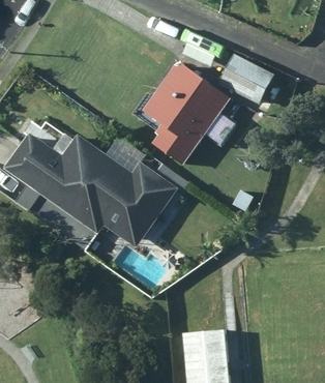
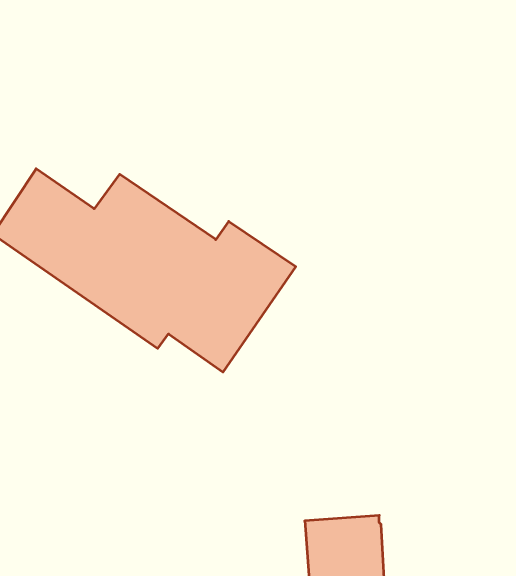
building: [219,53,273,104] -> none
building: [146,62,232,165] -> none

